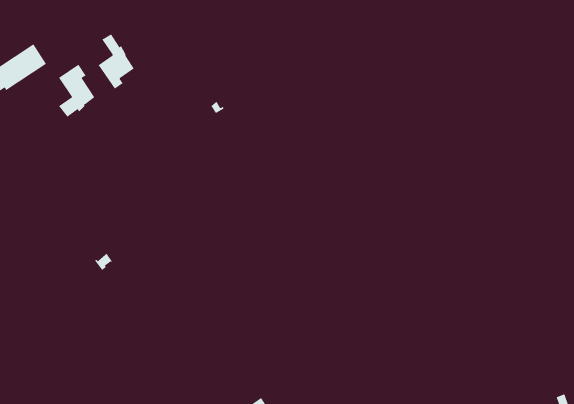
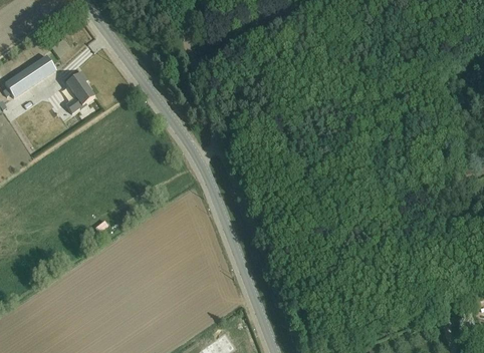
building: [98,34,134,90] -> none

